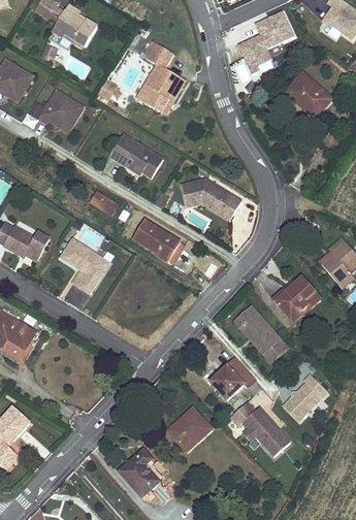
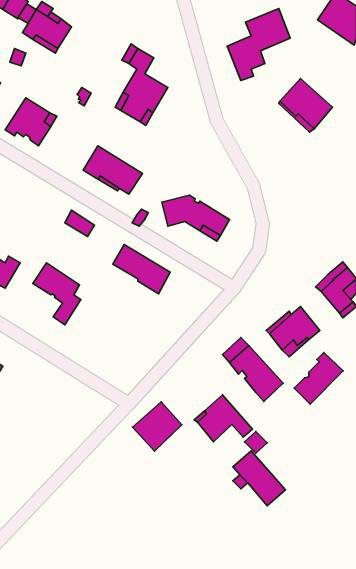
building: [283,375,327,421] -> [294,353,343,404]
building: [167,408,212,452] -> [133,402,182,451]
building: [120,450,160,497] -> none

